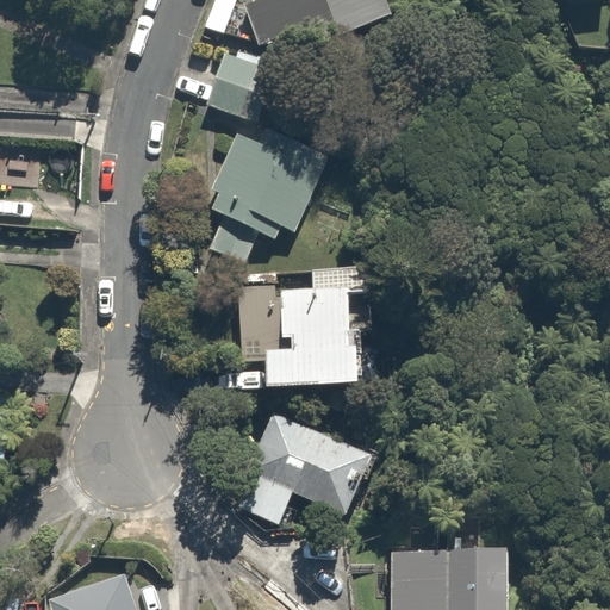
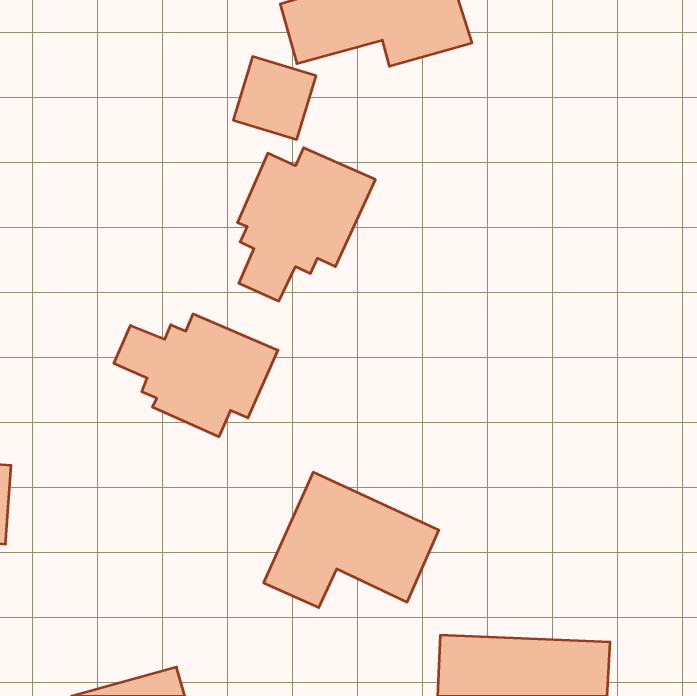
building: [242,263,374,394] -> none
building: none -> [114,314,278,437]

